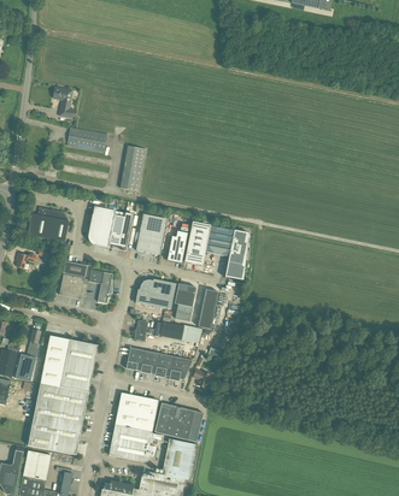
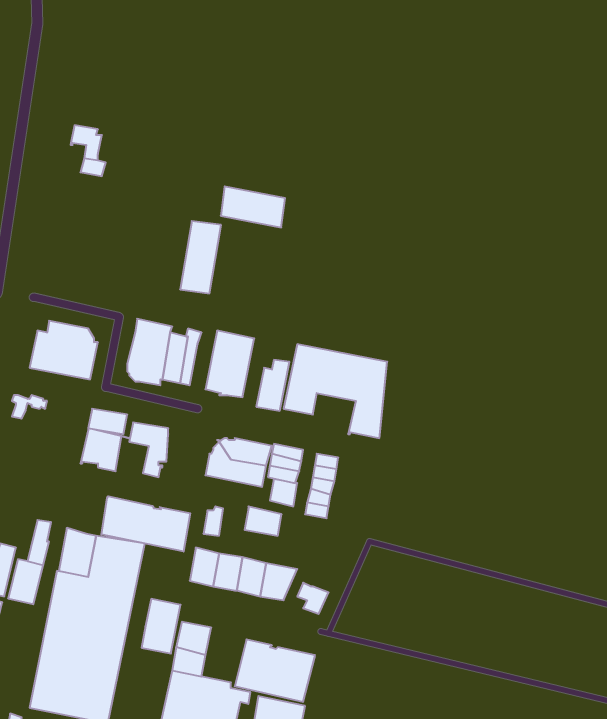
building: [66,126,106,152] -> [221,186,285,227]
building: none -> [101,496,190,552]
building: [133,396,157,430] -> [142,599,181,654]

